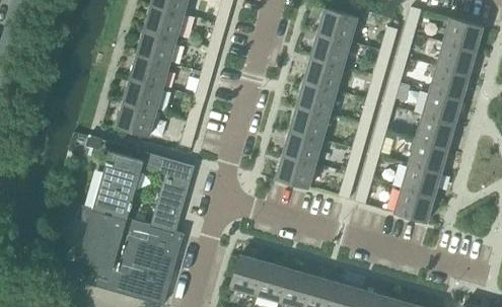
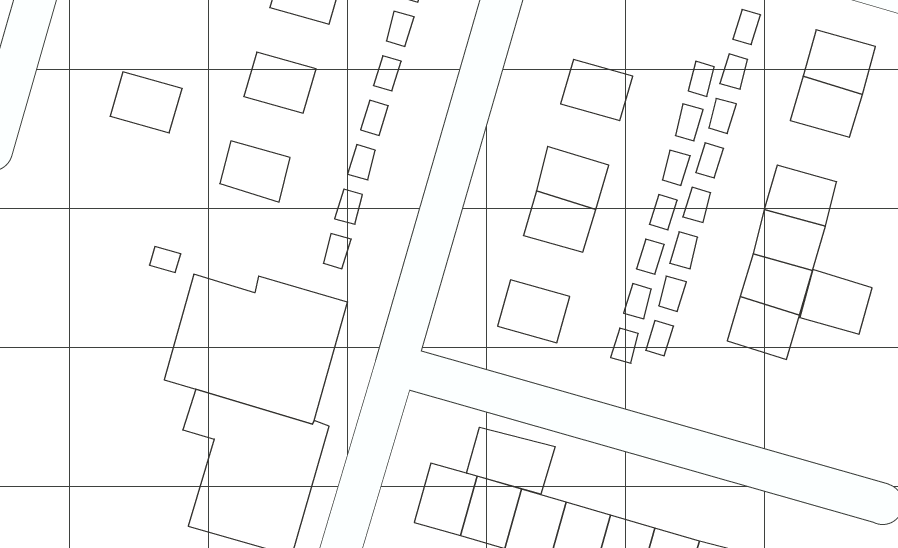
building: [144,6,184,40] -> none
building: [317,9,357,44] -> none
building: [130,55,169,88] -> [110,72,182,133]
building: [303,59,343,92] -> none
building: [429,68,469,101] -> none
building: [116,102,156,138] -> none
building: [283,131,322,164] -> none
building: [395,188,434,224] -> [800,269,872,334]
building: [58,201,121,290] -> none
building: none -> [467,427,555,494]

